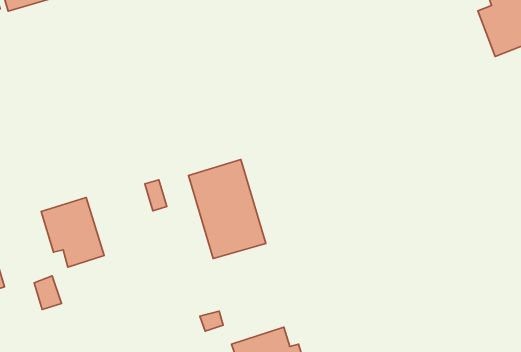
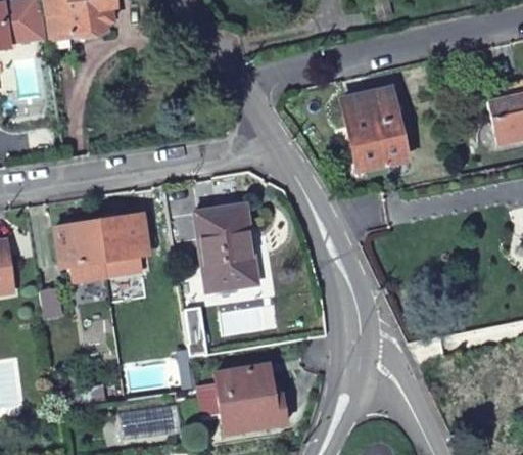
building: none -> [340,86,402,165]
building: none -> [100,215,150,276]

